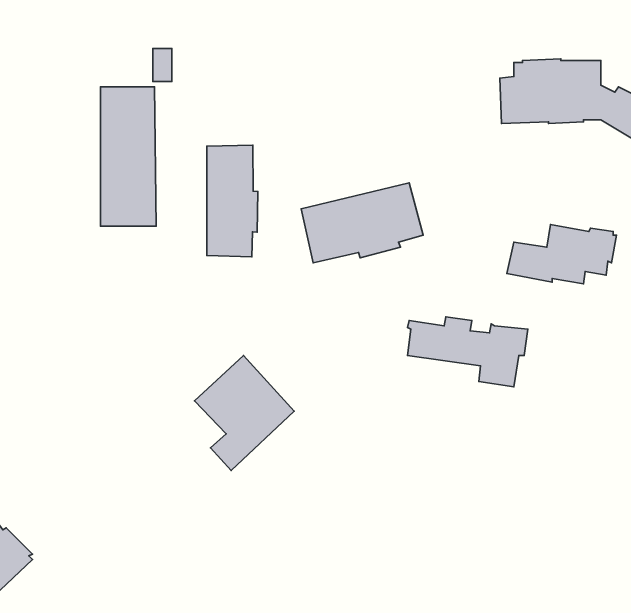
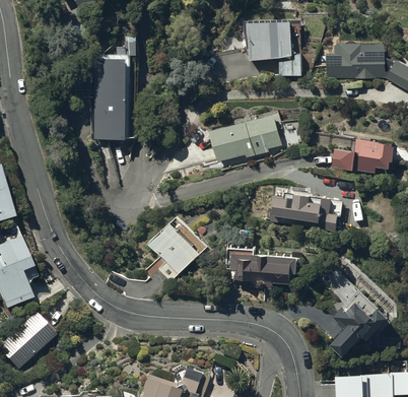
building: none -> [250,18,302,76]
building: [207,145,258,257] -> none
building: none -> [228,247,298,288]
building: none -> [331,289,390,357]

